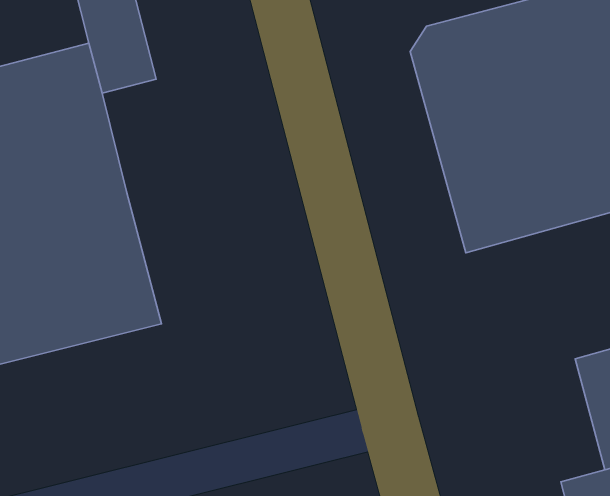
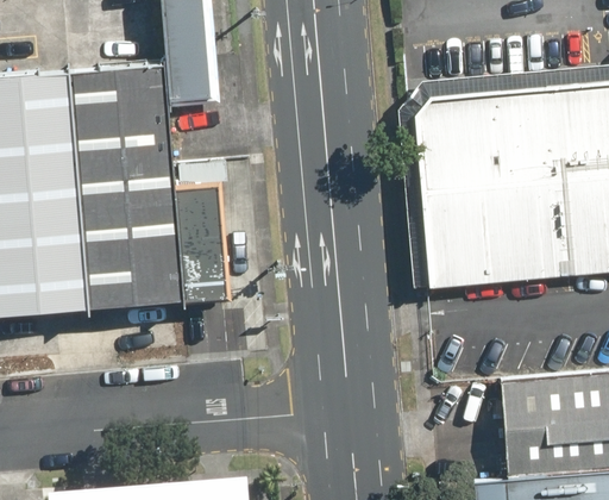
building: none -> [168,185,220,299]

